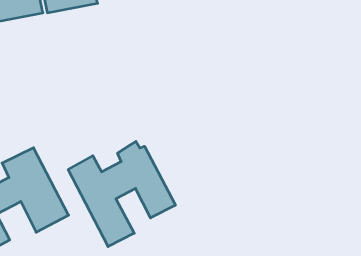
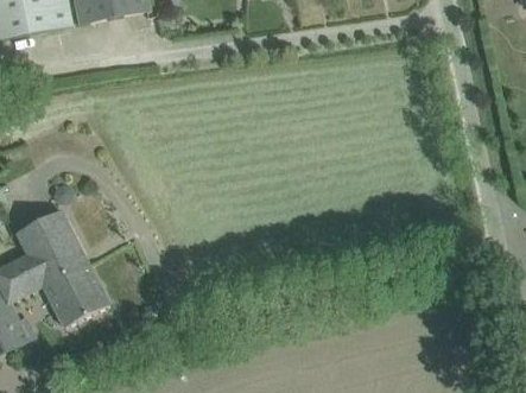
building: [68,141,175,247] -> none

